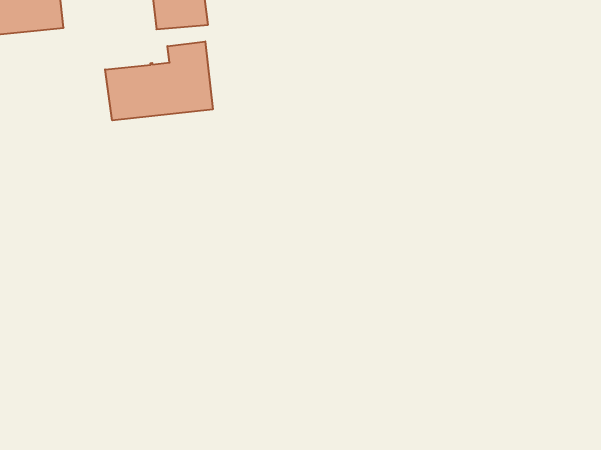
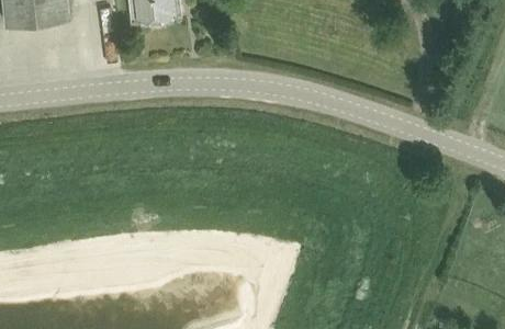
building: [105,41,213,120] -> none

